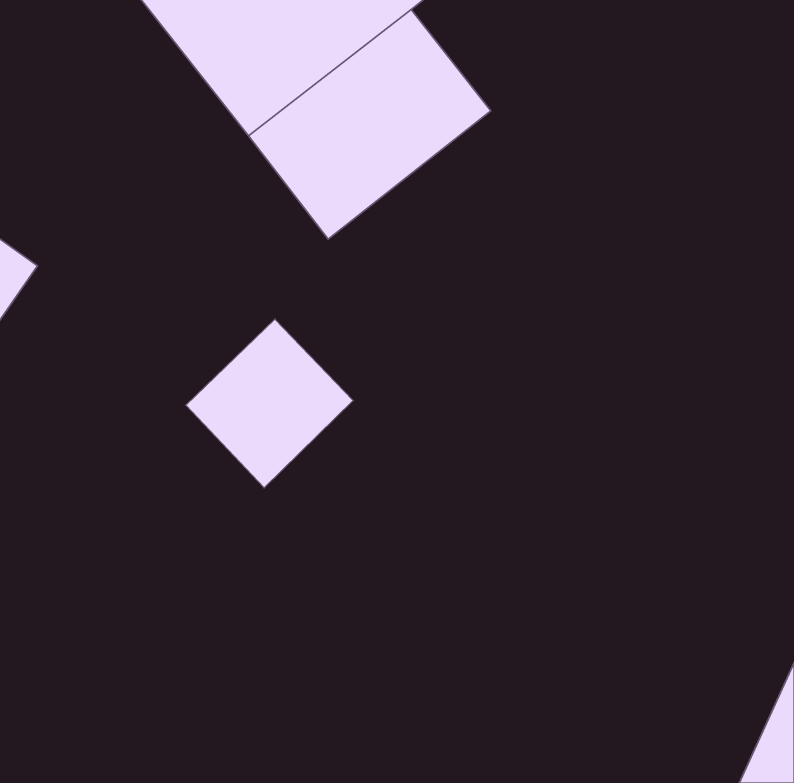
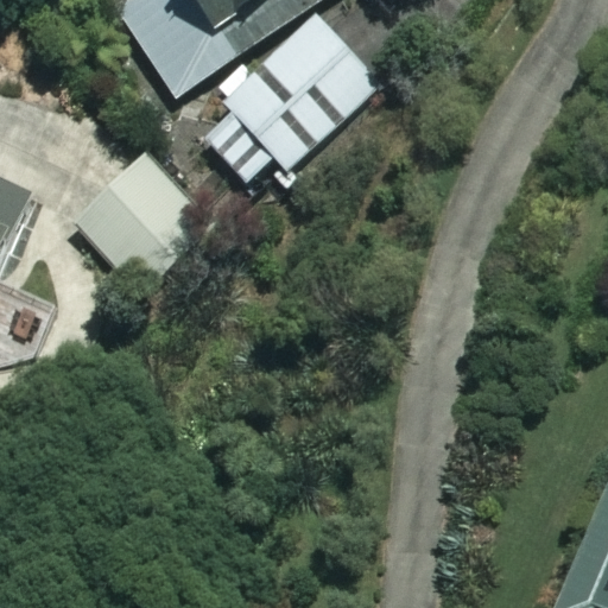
building: [186,319,353,488] -> [78,154,205,283]

